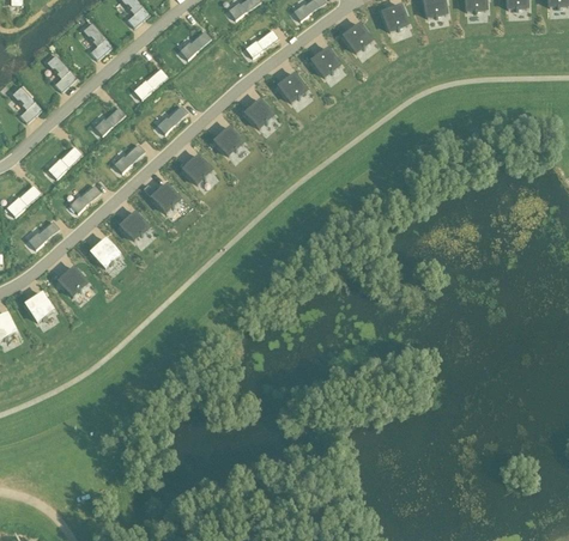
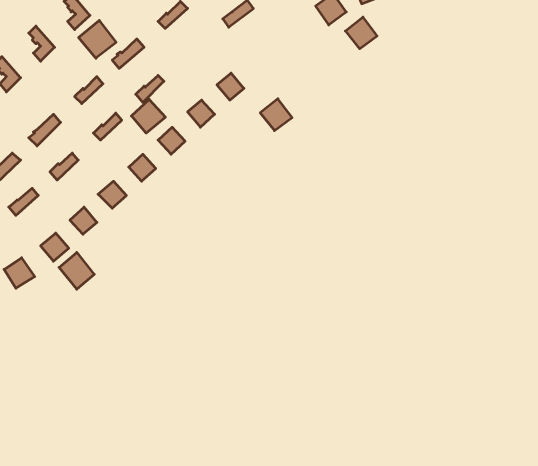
building: [309,44,341,77] -> [345,17,377,49]
building: none -> [79,20,116,58]
building: [276,69,308,102] -> [260,99,292,131]
building: none -> [131,99,165,133]
building: none -> [59,252,94,289]

